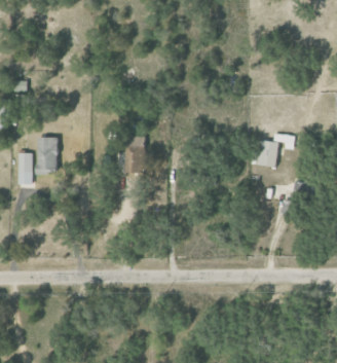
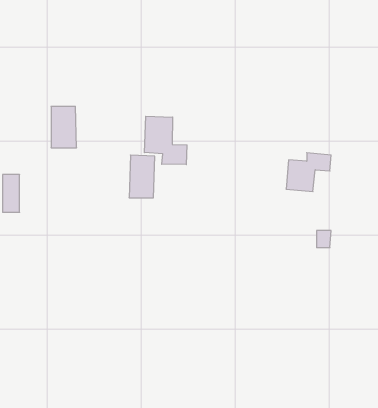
building: none -> [144,116,187,165]
building: [37,138,59,173] -> [51,106,77,148]

